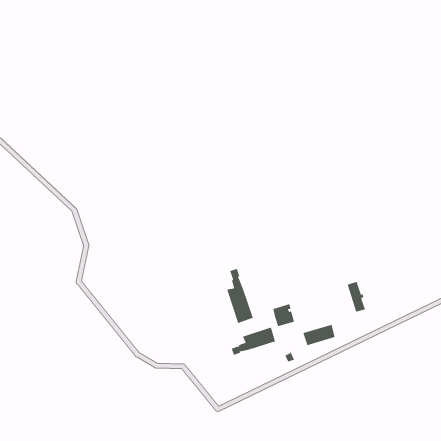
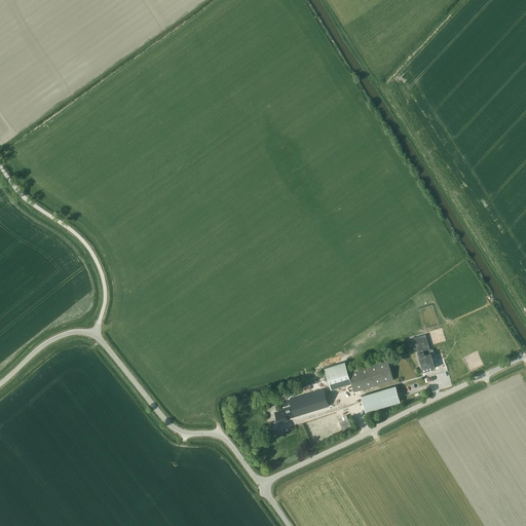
building: [226,268,253,324] -> none
building: none -> [347,361,392,392]

